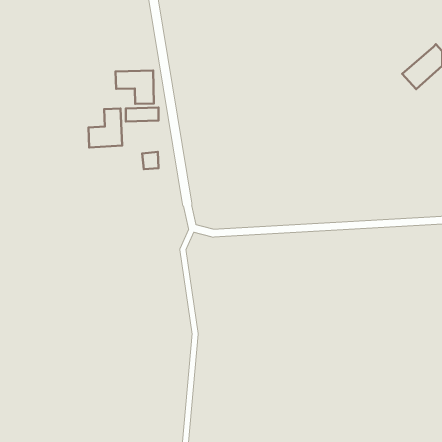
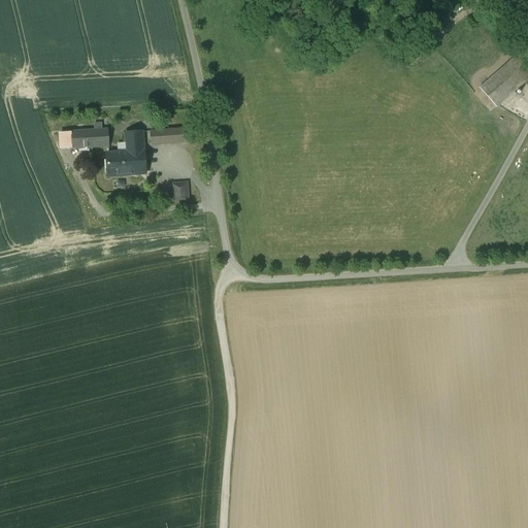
building: [116,71,154,104] -> none
building: none -> [71,130,107,146]

